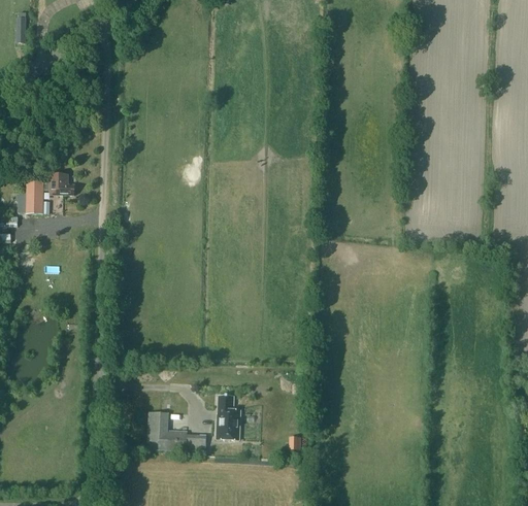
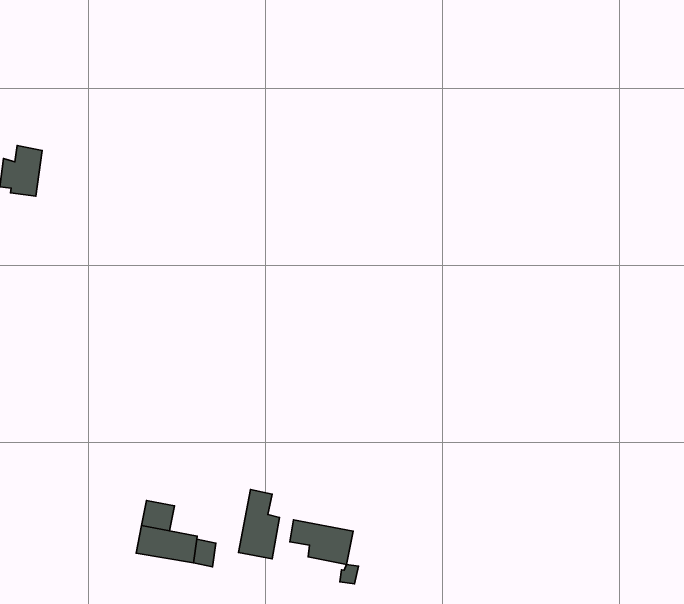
building: [50,174,74,194] -> none
building: none -> [290,520,353,565]

